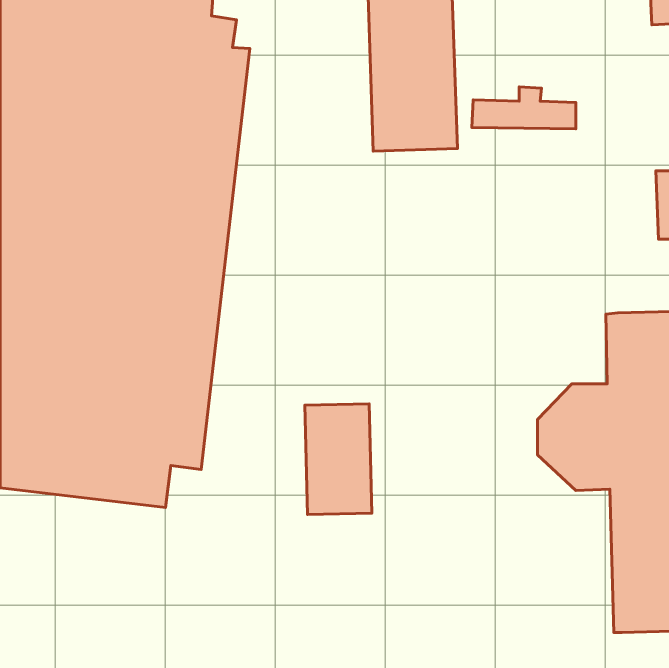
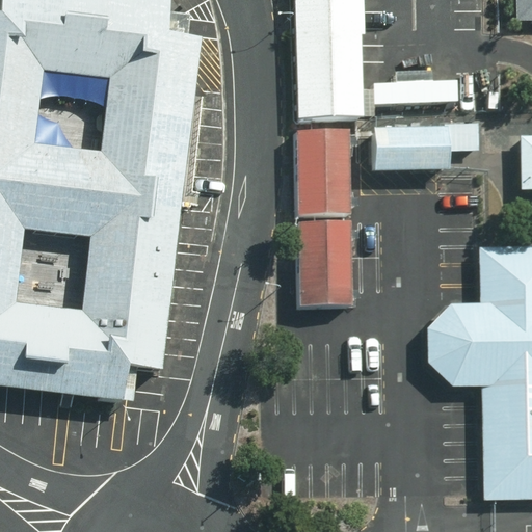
building: none -> [376,122,479,169]
building: none -> [295,123,348,210]
building: [305,404,372,514] -> [297,216,350,303]

